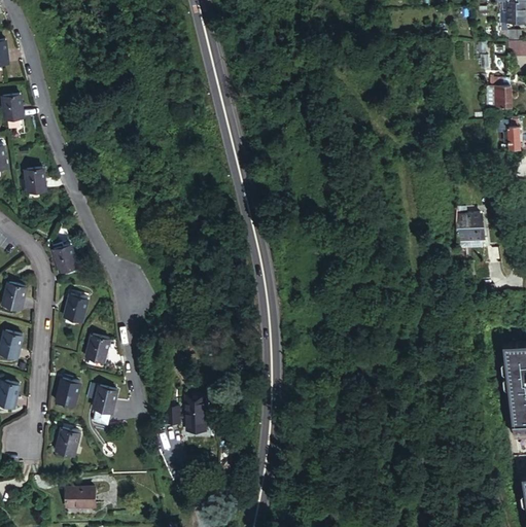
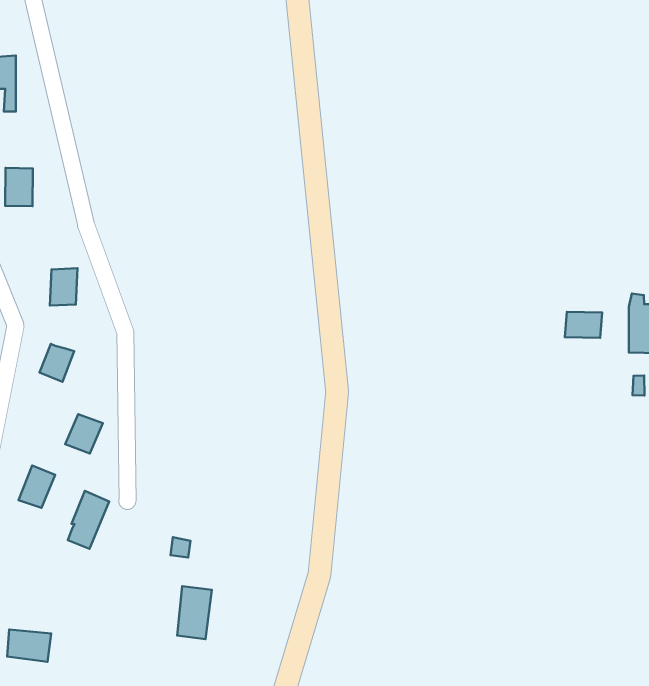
building: none -> [565,312,602,338]
building: [185,398,206,432] -> [177,586,212,639]
building: [59,428,82,454] -> none

